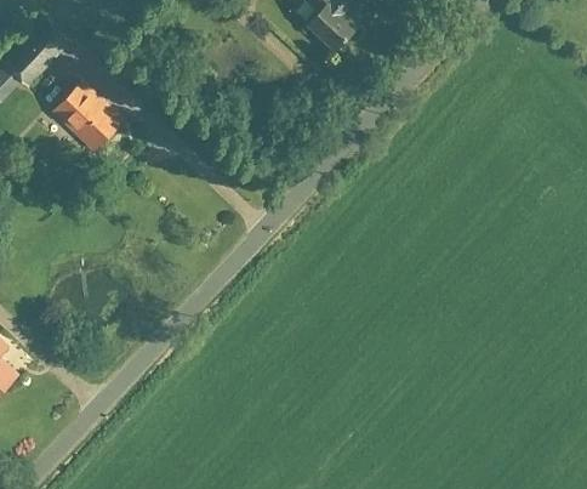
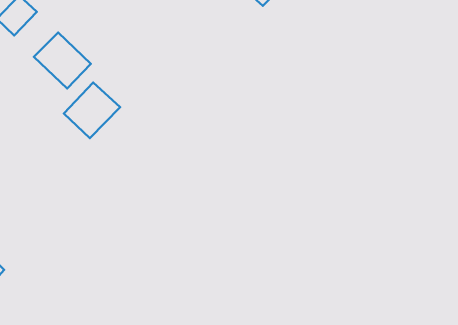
building: none -> [64,82,120,138]

